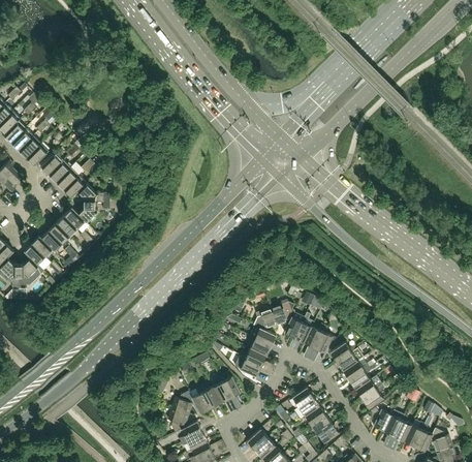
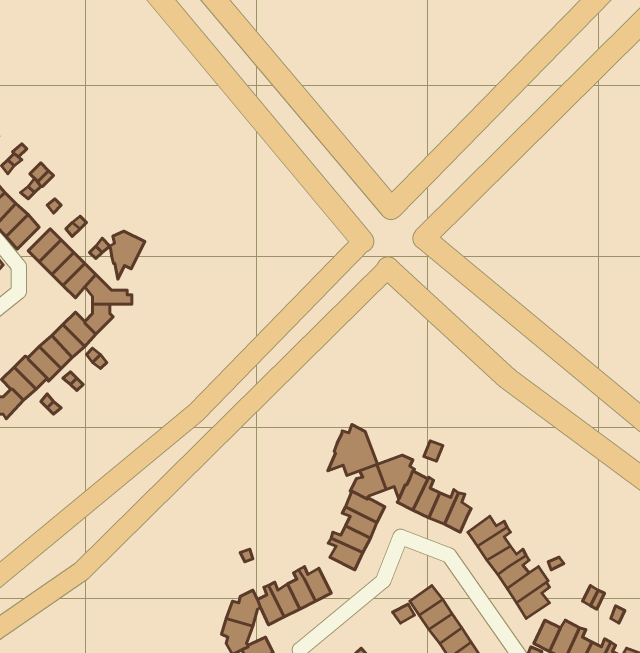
building: none -> [109,231,145,279]
building: none -> [328,424,377,476]

